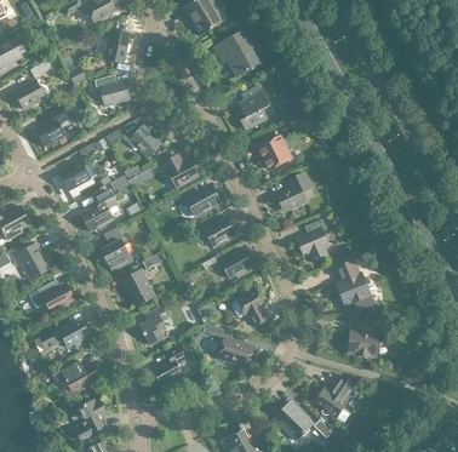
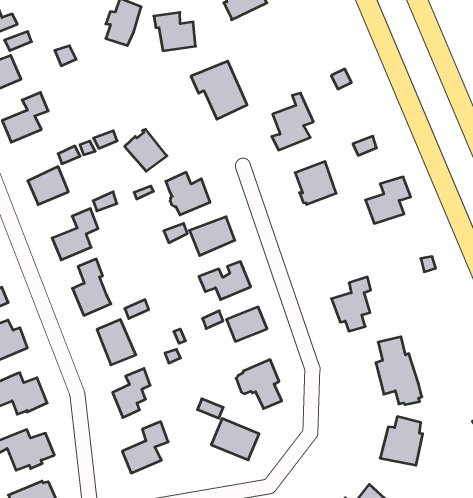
building: [213,32,258,76] -> [191,61,247,119]
building: [95,75,128,105] -> [154,12,196,51]
building: [275,173,309,211] -> [365,177,411,223]

